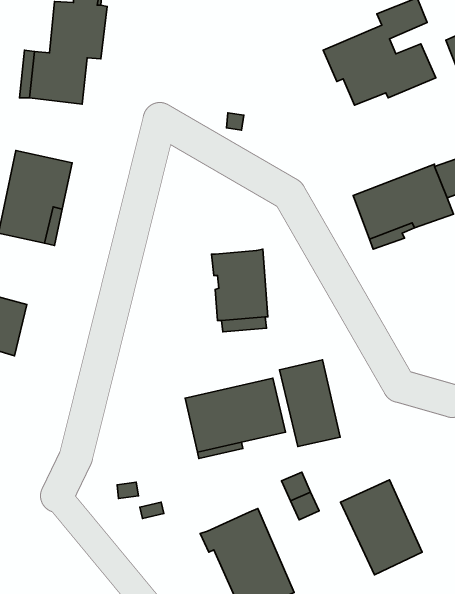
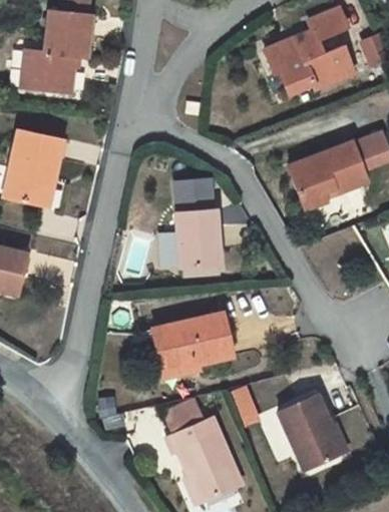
building: none -> [175,180,211,213]
building: [279,360,340,446] -> none
building: none -> [161,397,205,435]

